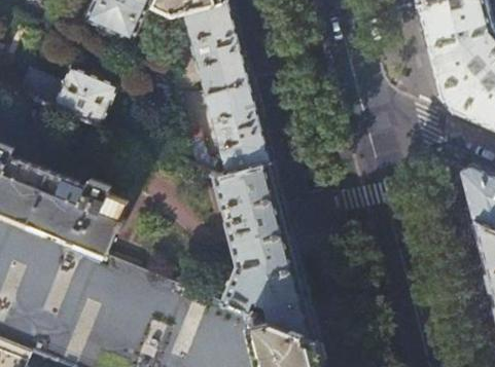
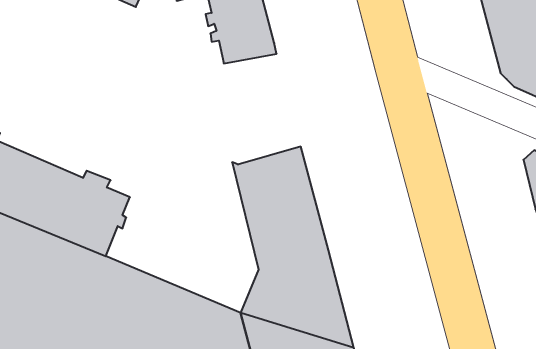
building: [24,65,114,125] -> none
building: [181,80,269,175] -> none

